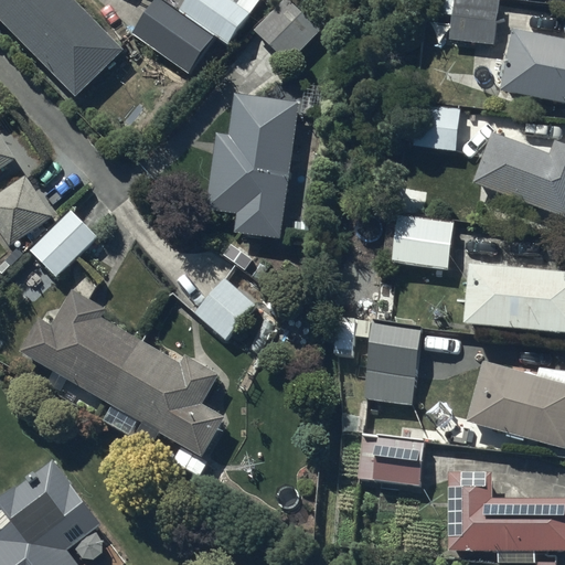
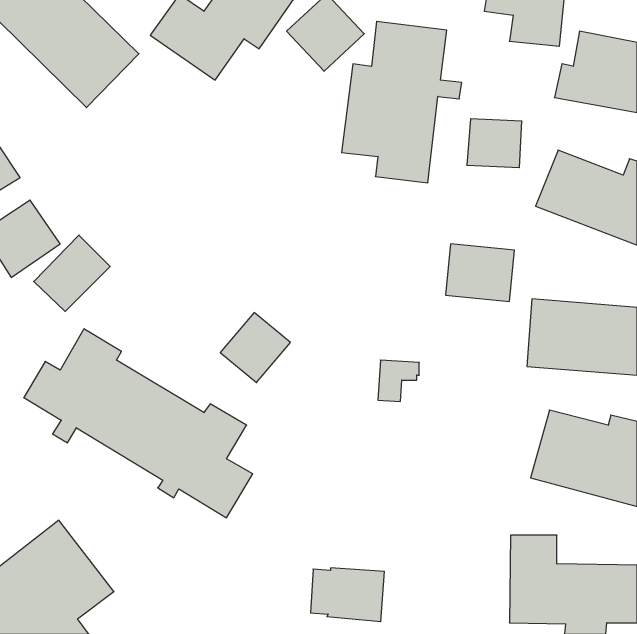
building: [205,95,311,237] -> [342,21,462,183]
building: [366,324,420,404] -> none
building: [360,437,425,484] -> [311,568,384,622]

